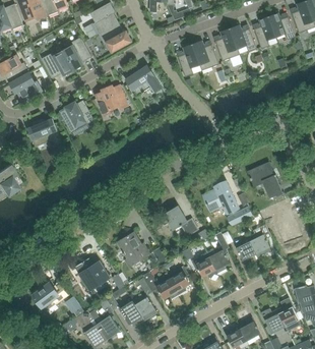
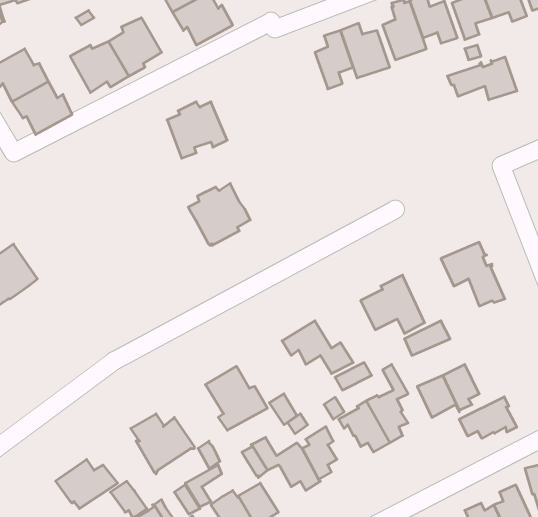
building: none -> [447,57,517,100]
building: [126,65,163,97] -> none
building: [60,100,94,134] -> [188,183,250,245]
building: [27,119,62,148] -> none
building: none -> [459,397,517,438]

